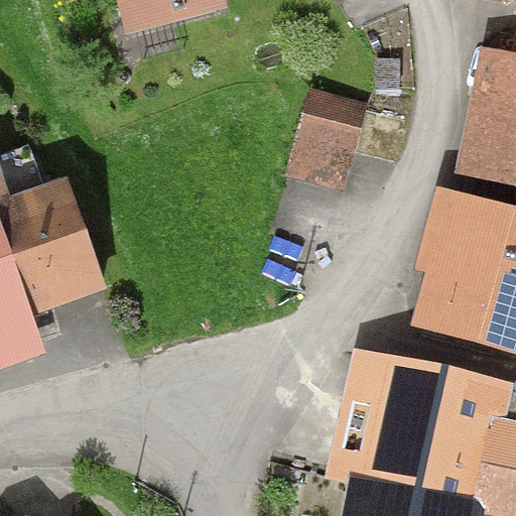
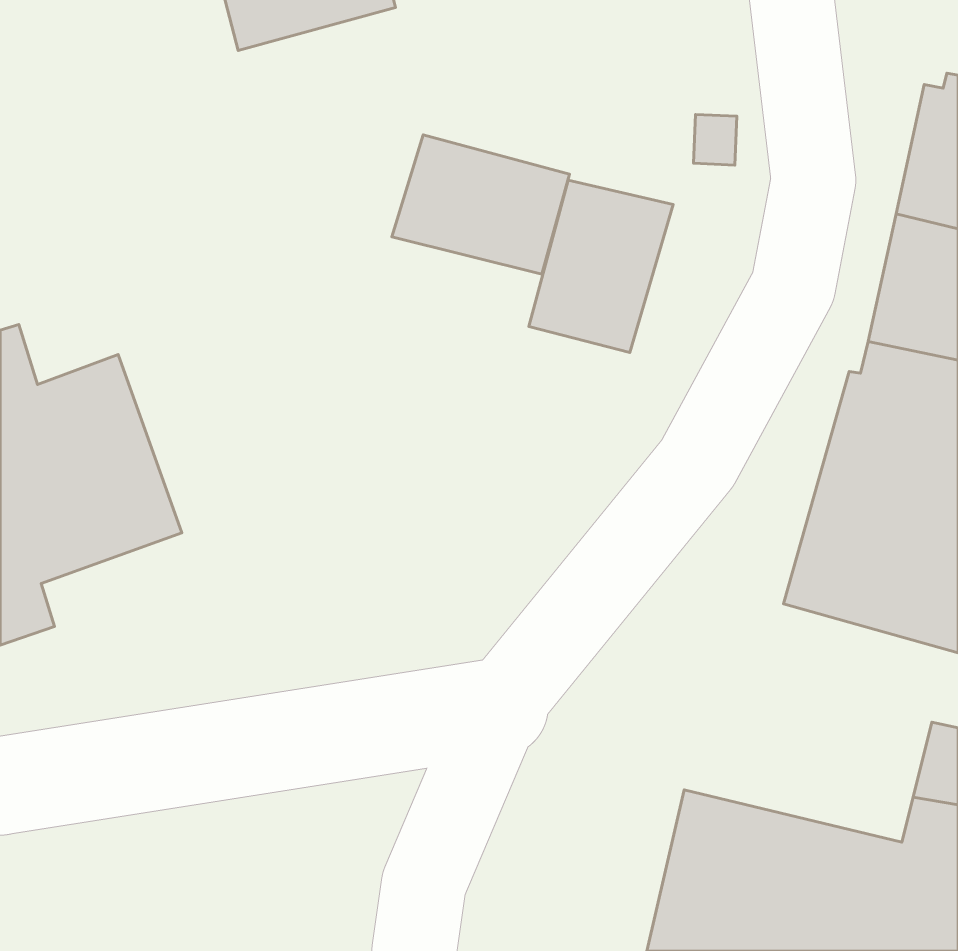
building: none -> [392,135,570,274]
building: [368,363,501,453] -> none

